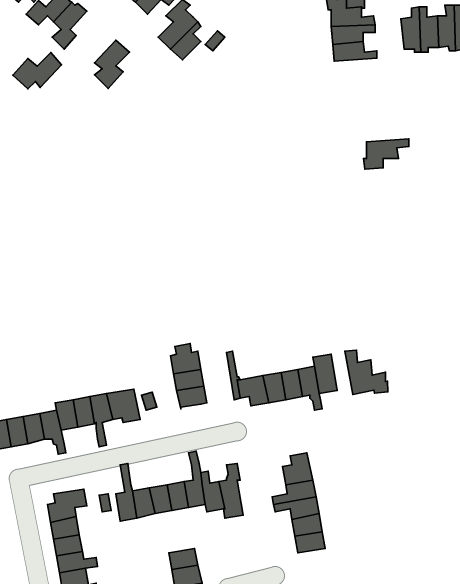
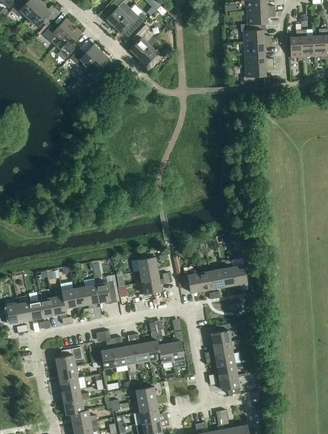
building: [13,53,61,89] -> [69,44,101,68]
building: [363,139,409,169] -> [243,64,273,84]
building: [345,350,388,395] -> none

